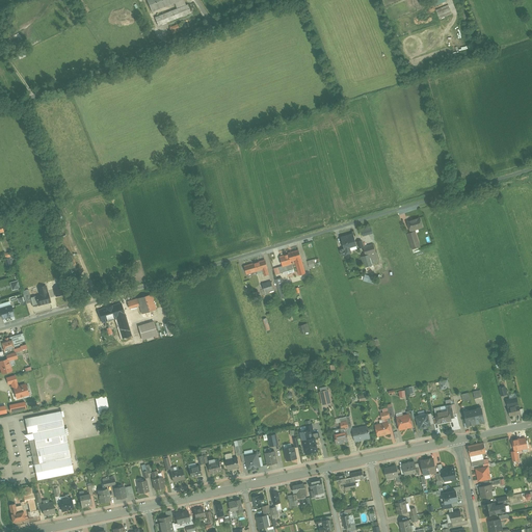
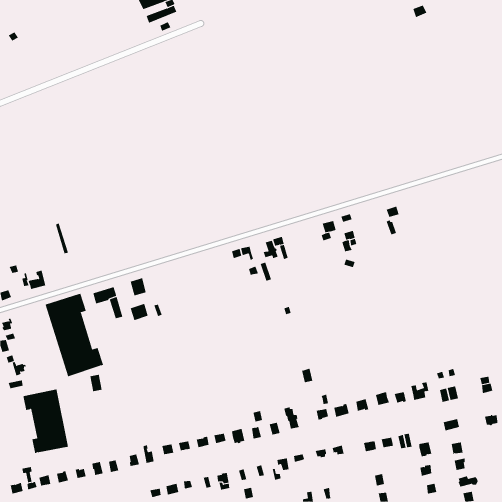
building: none -> [45,293,104,377]

